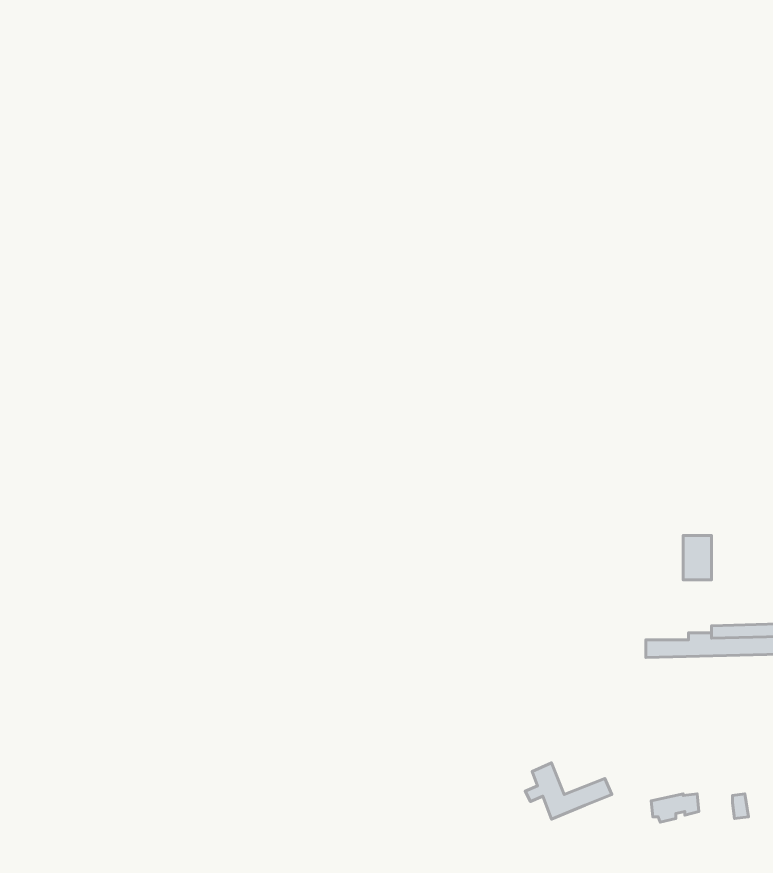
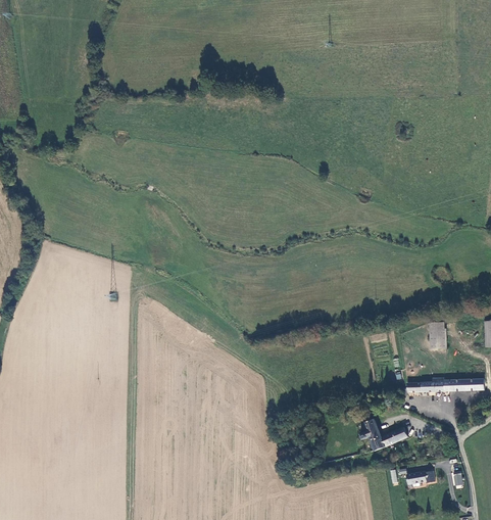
building: [525,763,612,819] -> [359,418,409,451]

